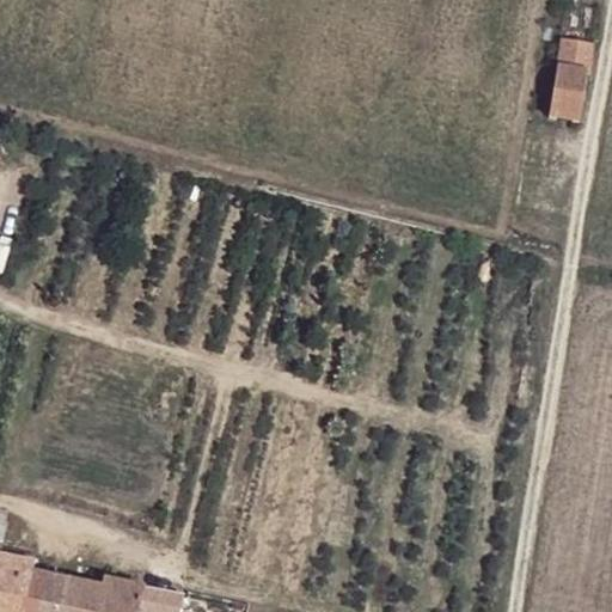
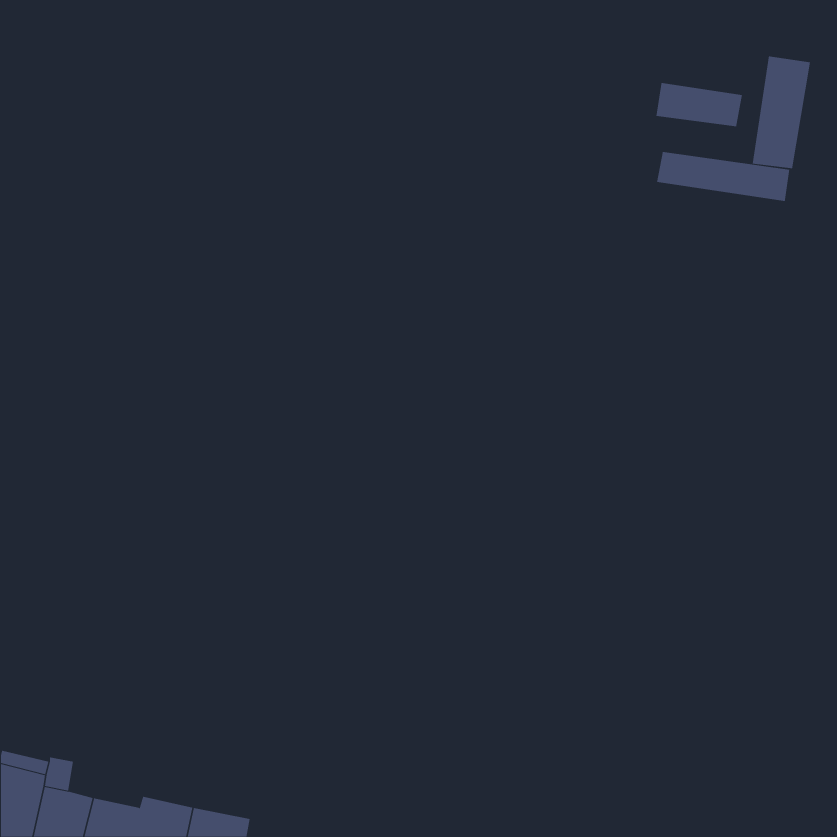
building: none -> [656,82,742,127]
building: none -> [656,151,790,202]

